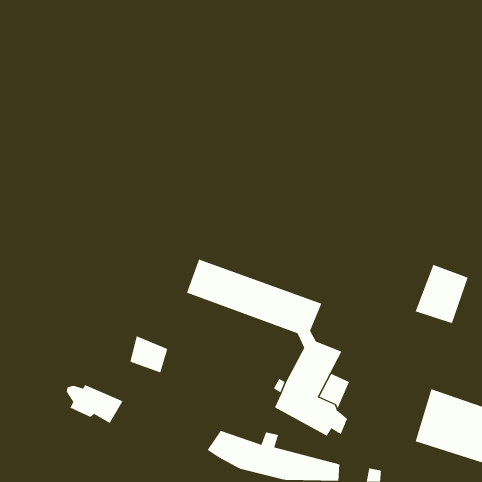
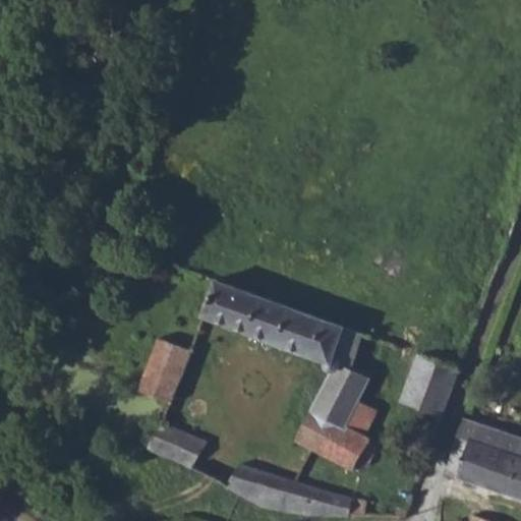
building: [415,264,469,324] -> [402,353,460,417]
building: none -> [148,339,191,377]
building: [66,384,123,424] -> [142,424,205,467]

